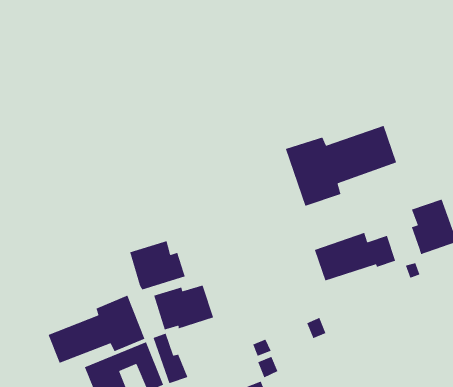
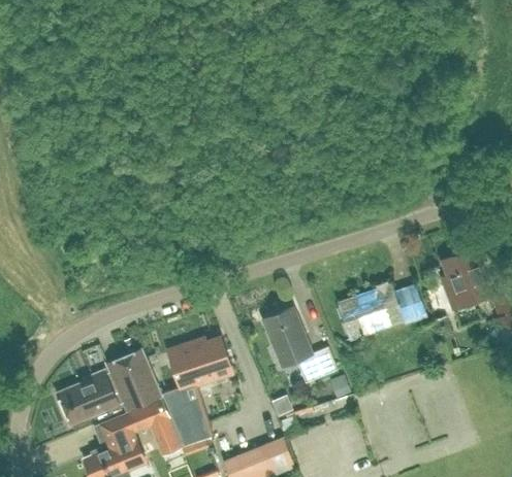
building: [285,125,397,207] -> none
building: [129,240,186,290] -> none
building: none -> [261,305,337,381]

